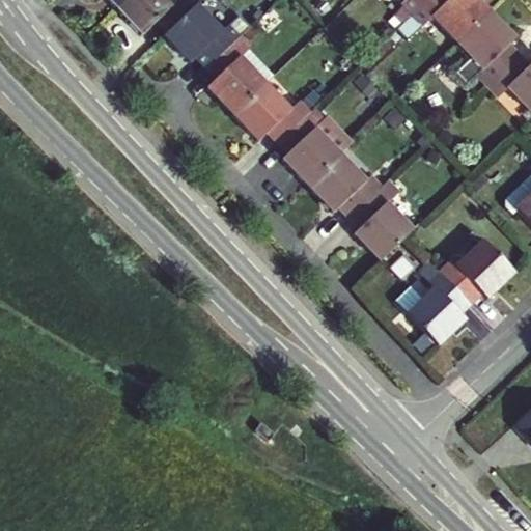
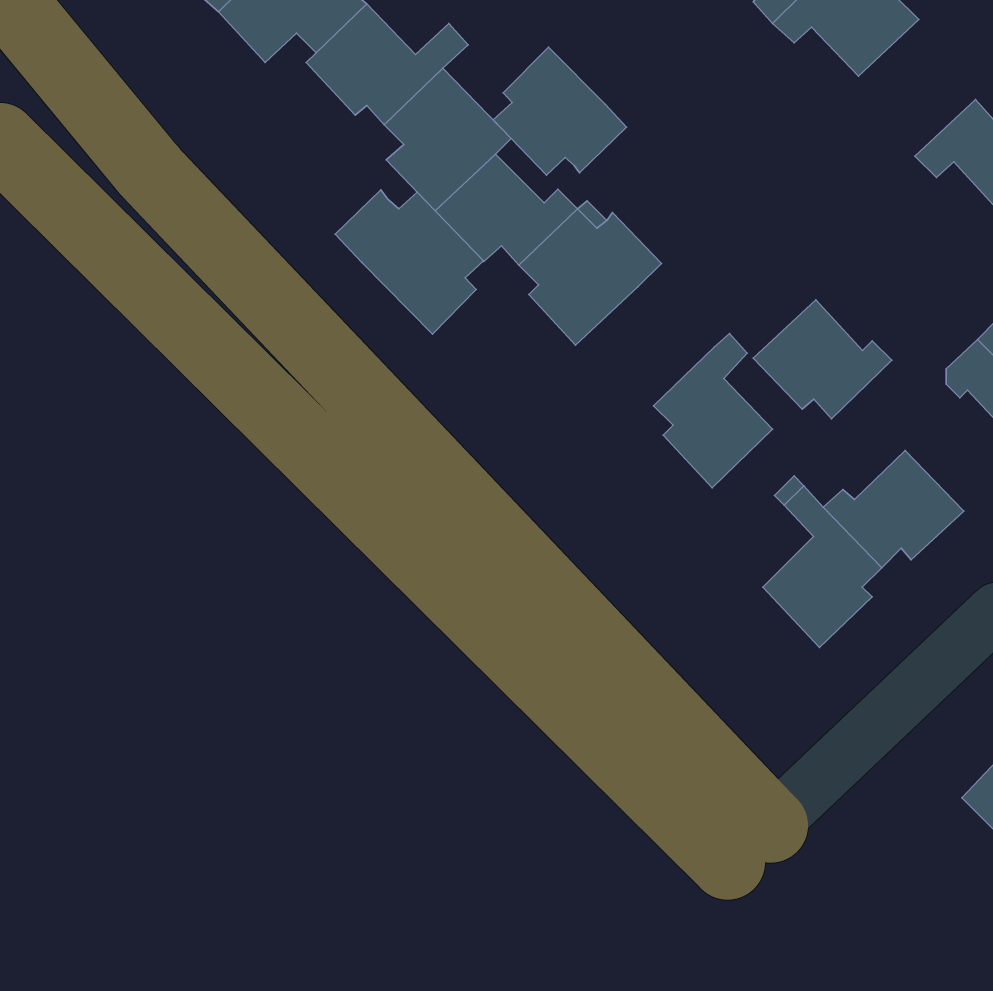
building: [456,10,521,83] -> none
building: none -> [493,47,627,175]
building: none -> [335,190,483,334]
building: [308,152,382,216] -> [753,300,892,419]

